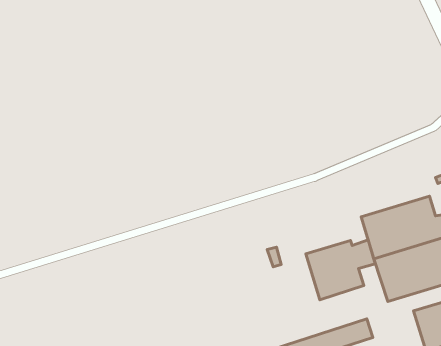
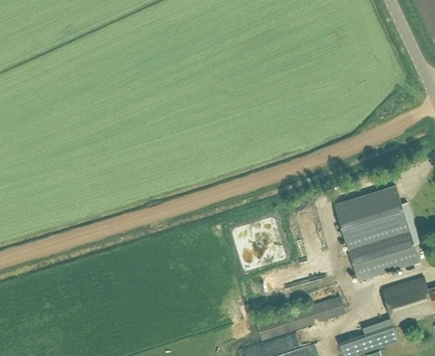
building: [306,240,375,300] -> none

